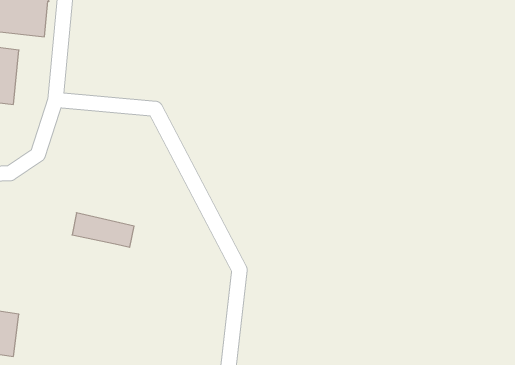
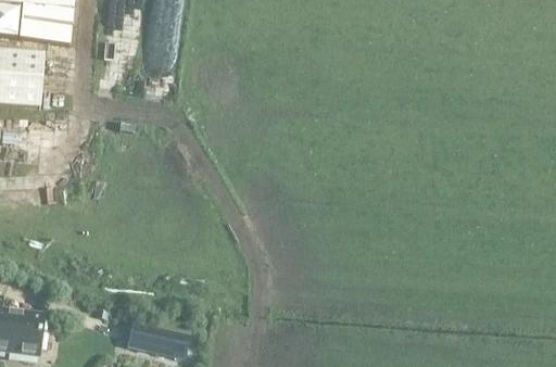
building: [72,213,134,247] -> [127,321,188,355]

